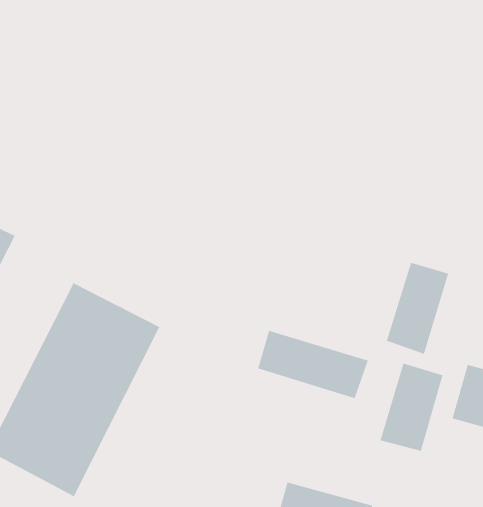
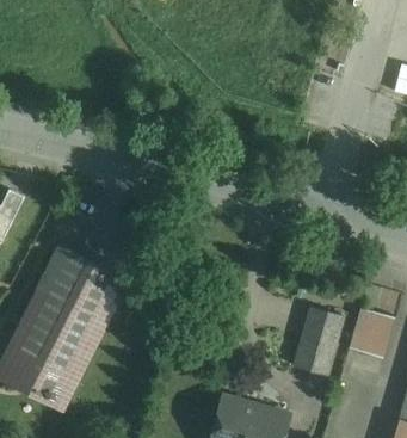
building: [386,262,449,355] -> none
building: [257,330,369,399] -> none

